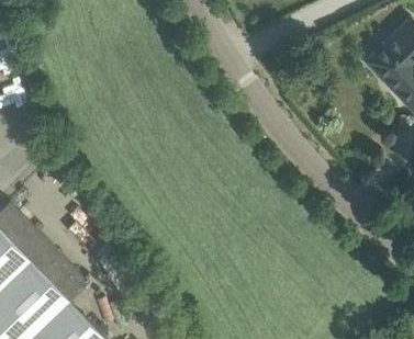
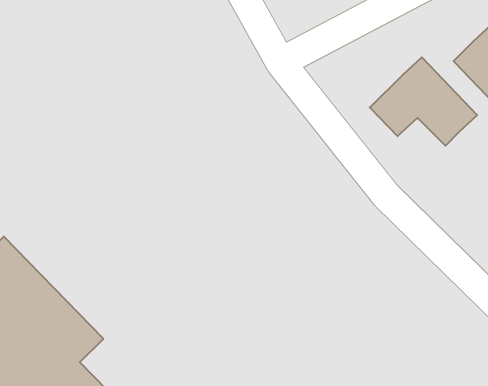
building: none -> [370,57,477,146]

